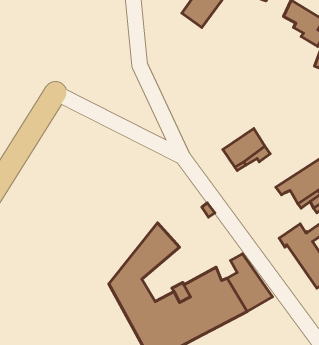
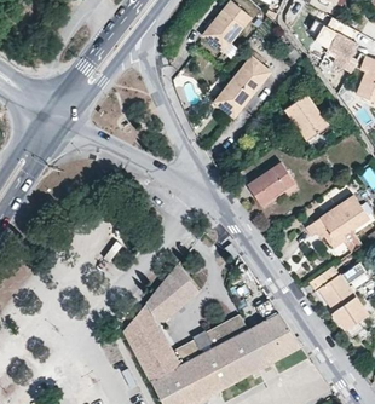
building: none -> [212,56,270,121]
building: none -> [285,96,325,139]

